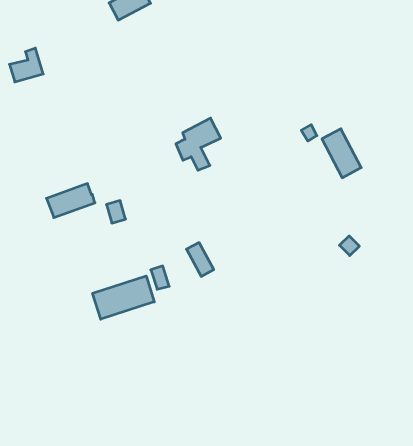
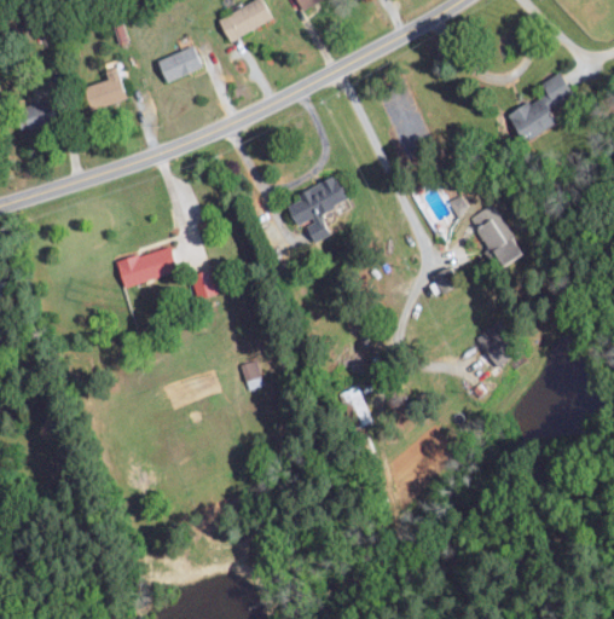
building: none -> [508,74,573,143]
building: none -> [157,47,201,81]
building: [186,243,214,276] -> [342,386,375,429]
building: [93,276,154,319] -> none

